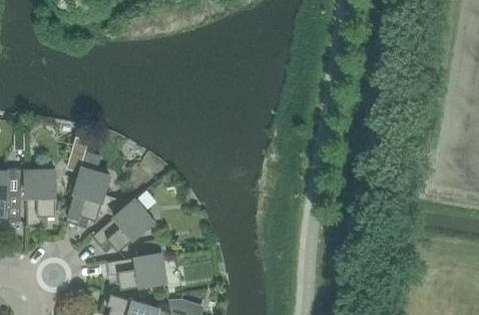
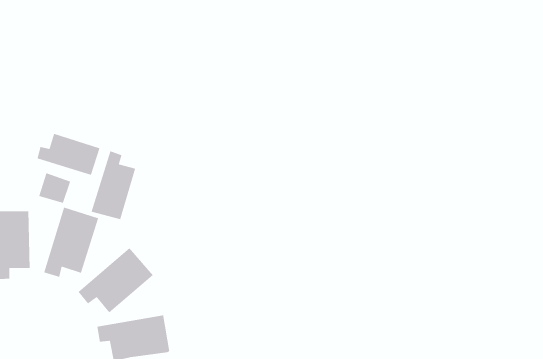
building: none -> [36,133,100,176]
building: none -> [91,150,136,220]

